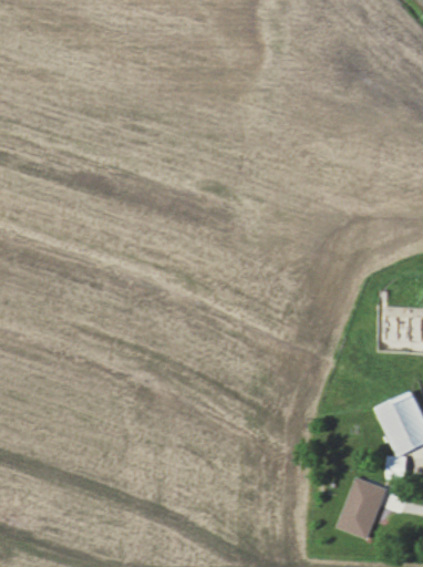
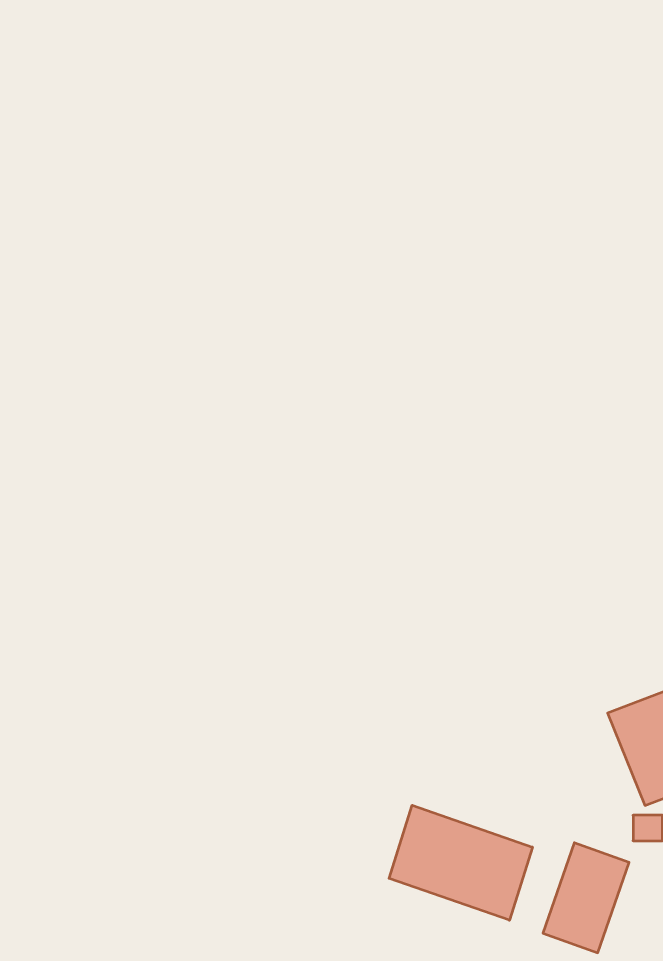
building: none -> [389,805,532,920]

